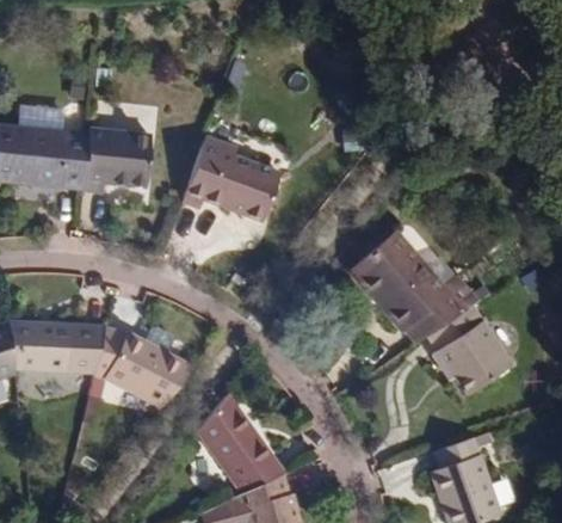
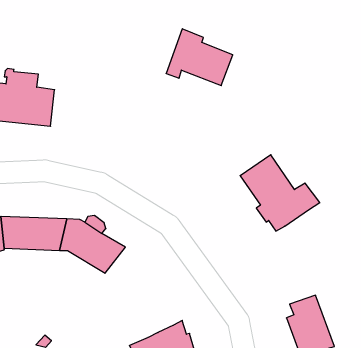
building: [84,129,152,192] -> none
building: [183,136,280,220] -> [166,29,233,86]
building: [427,313,508,393] -> none
building: [197,395,283,493] -> none

